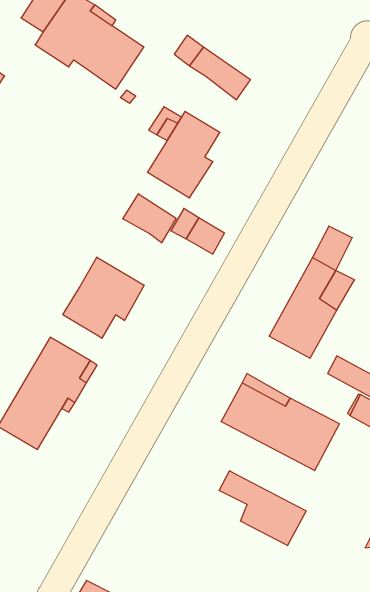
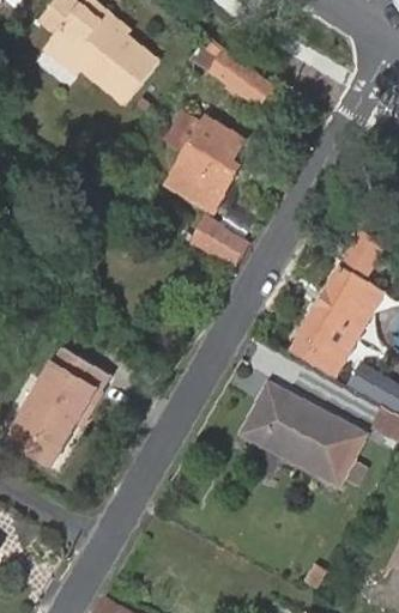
building: [123,194,176,243] -> none
building: [63,257,144,338] -> none
building: [219,471,306,546] -> none

